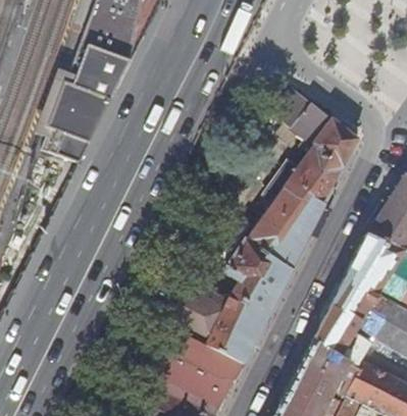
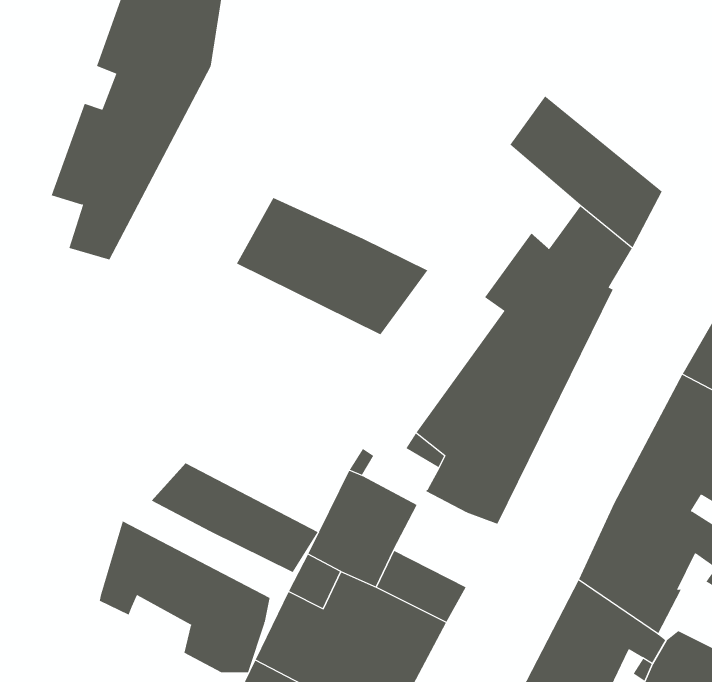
building: none -> [236,197,428,335]
building: none -> [151,462,318,573]
building: [219,292,273,342] -> none
building: none -> [99,520,270,673]

